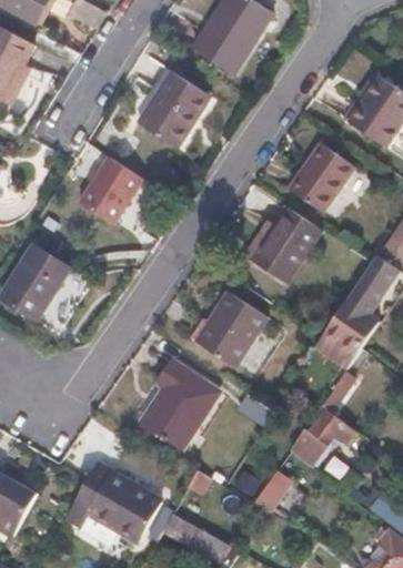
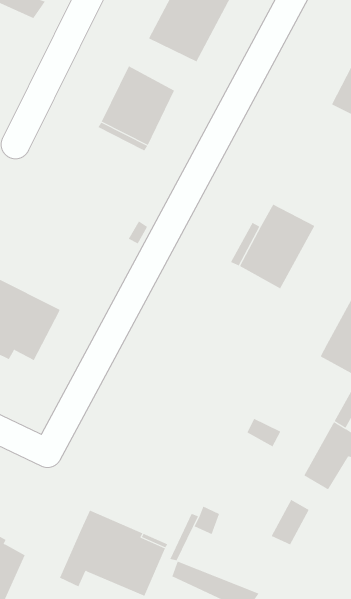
building: [291,144,354,211] -> none
building: [80,156,142,224] -> none
building: [195,293,268,367] -> none
building: [139,359,220,452] -> none

